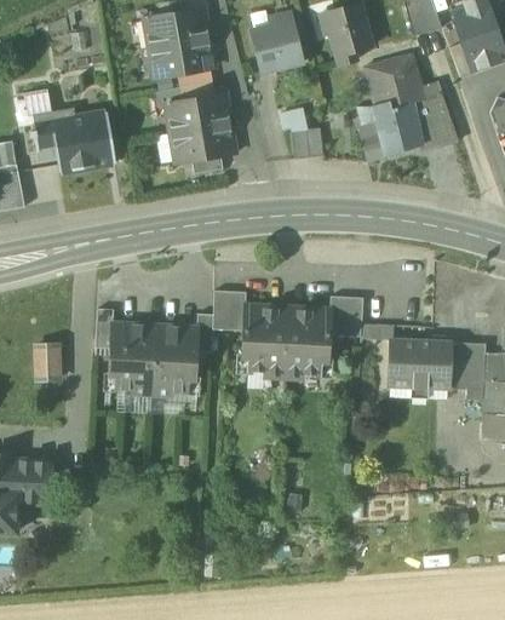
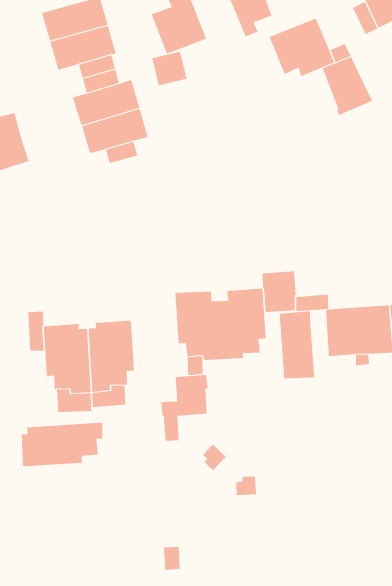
building: [358,99,423,160] -> none
building: [291,127,323,159] -> [151,51,187,86]
building: [197,289,246,352] -> [160,374,209,441]
building: none -> [279,311,315,379]
building: none -> [21,422,103,467]

